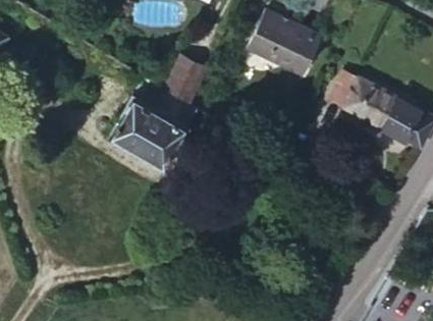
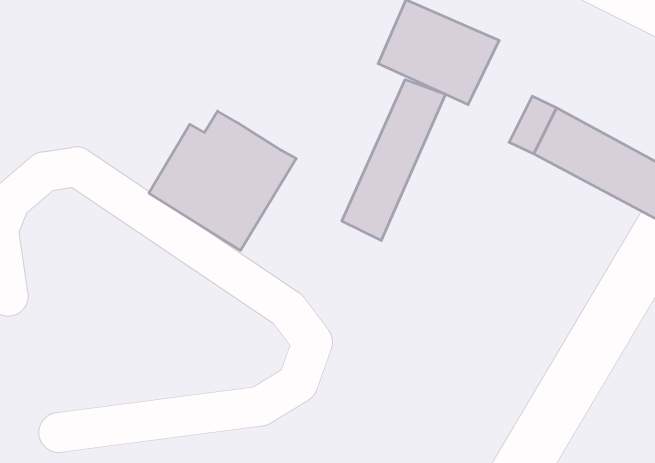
building: [158,57,203,105] -> none
building: none -> [342,80,445,241]

